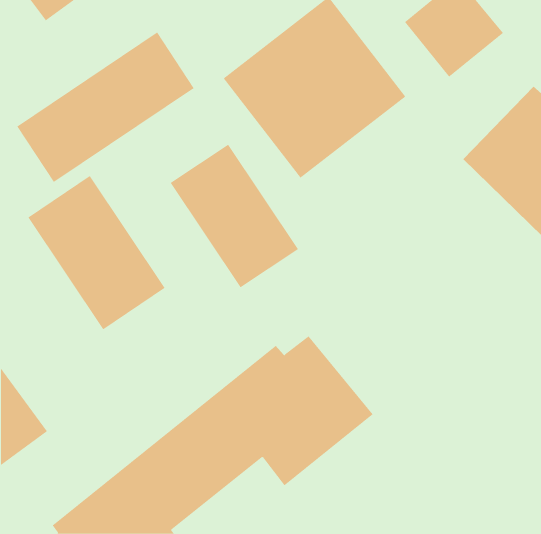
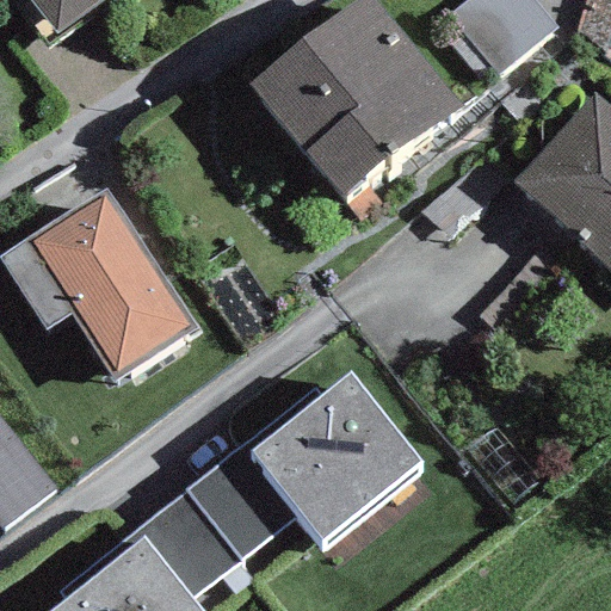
building: [16,32,195,183] -> none
building: [170,144,299,288] -> none

